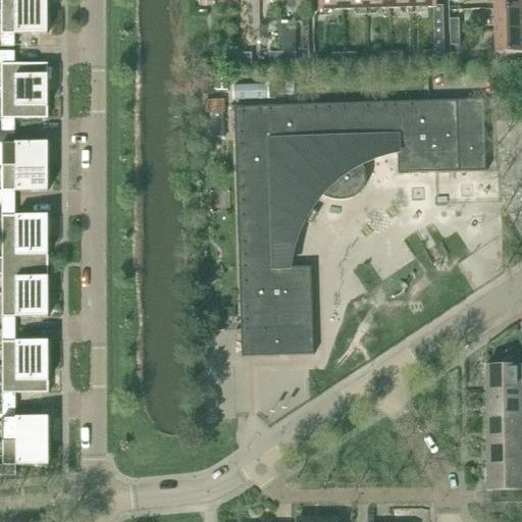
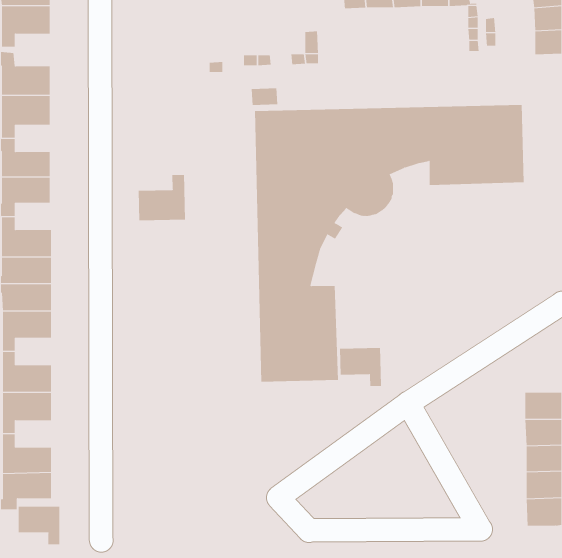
building: none -> [138,174,185,221]
building: none -> [340,347,382,387]
building: none -> [18,506,60,545]

